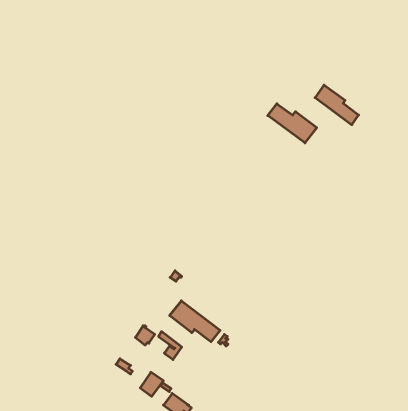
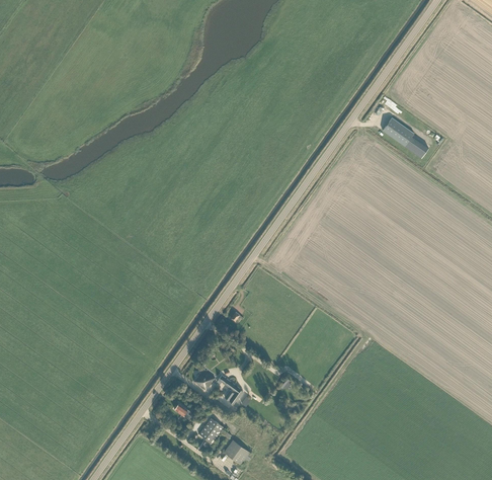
building: [268,104,317,143] -> none
building: [170,301,220,342] -> none

